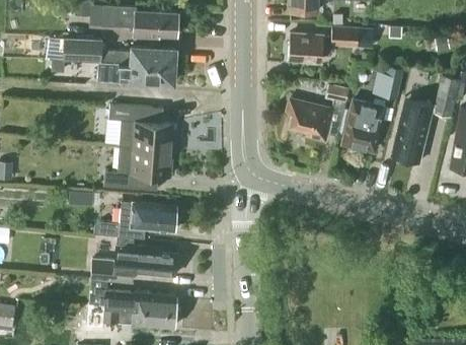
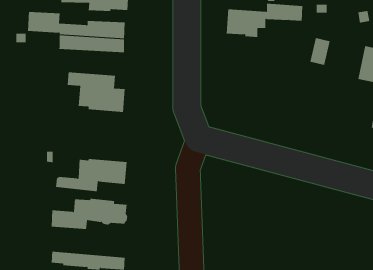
building: [287,84,349,140] -> none
building: [392,97,433,162] -> none
building: [342,102,383,152] -> none
building: [103,143,172,191] -> none
building: [104,290,176,314] -> none

